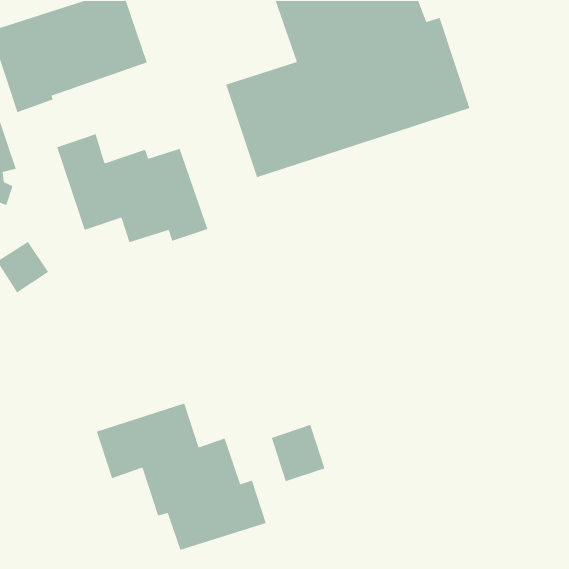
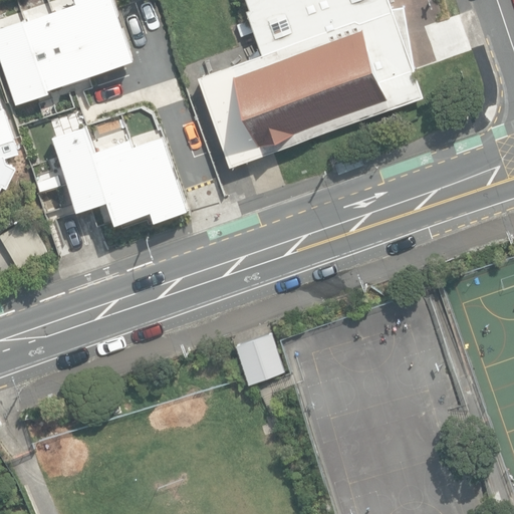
building: [96,402,267,551] -> none
building: [271,424,326,482] -> [234,334,283,387]

